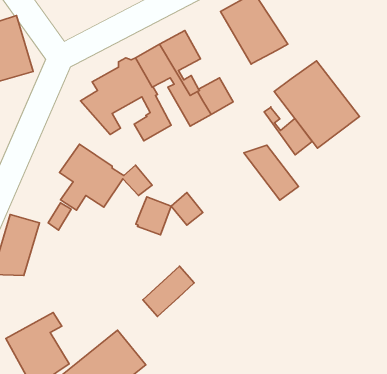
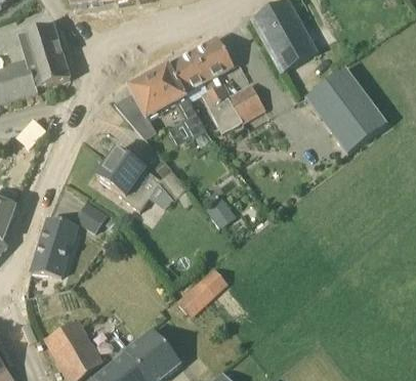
building: [264,107,312,155] -> none
building: [244,145,298,200] -> none
building: [136,197,171,235] -> none

